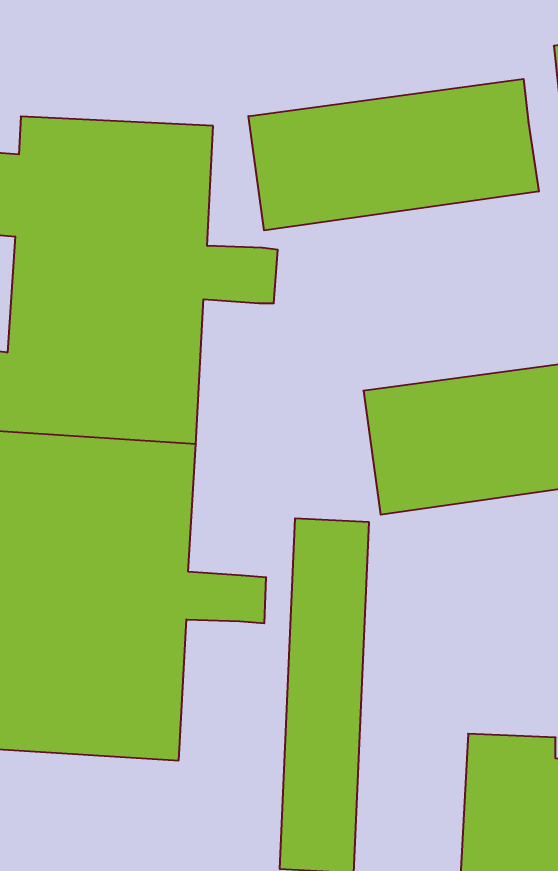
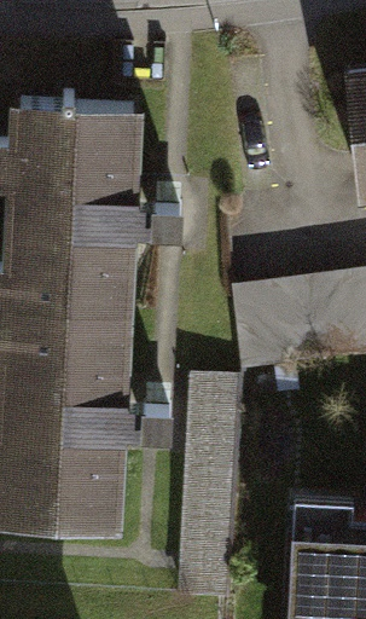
building: [248,79,539,230] -> none

